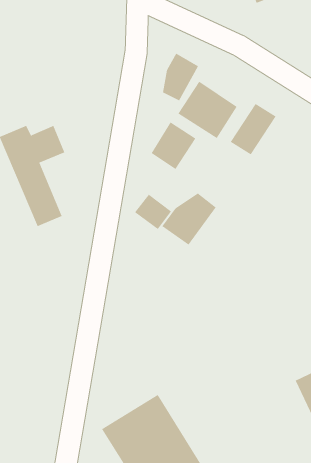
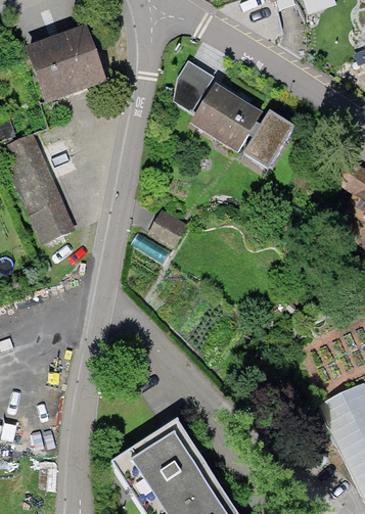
building: none -> [30,28,101,105]
building: [151,122,196,170] -> none
building: [162,192,217,245] -> none

